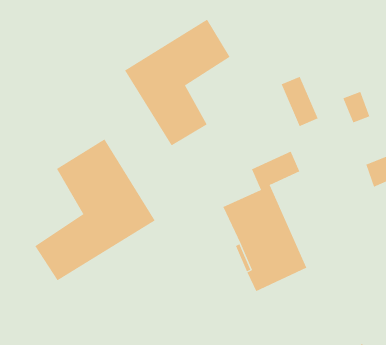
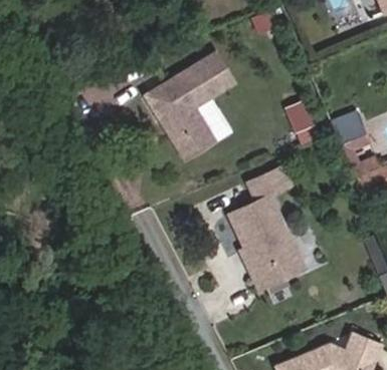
building: [35,138,155,281] -> none

